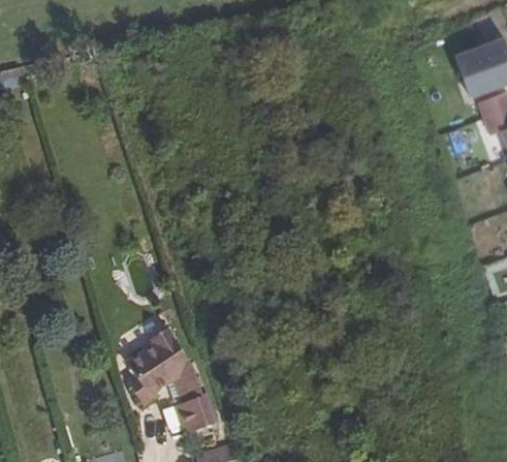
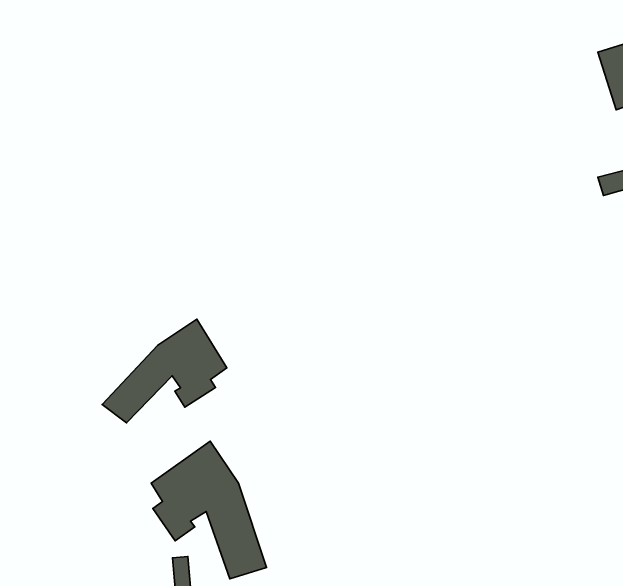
building: none -> [102,319,227,423]

